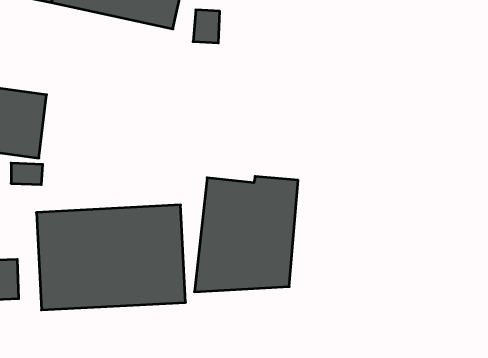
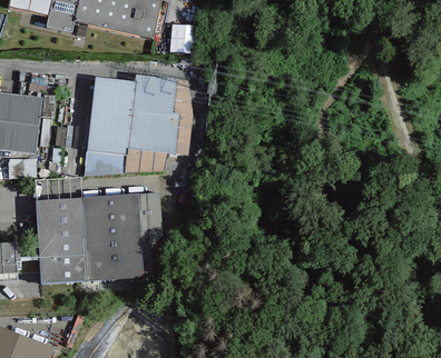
building: [194,176,298,292] -> [84,73,175,175]

